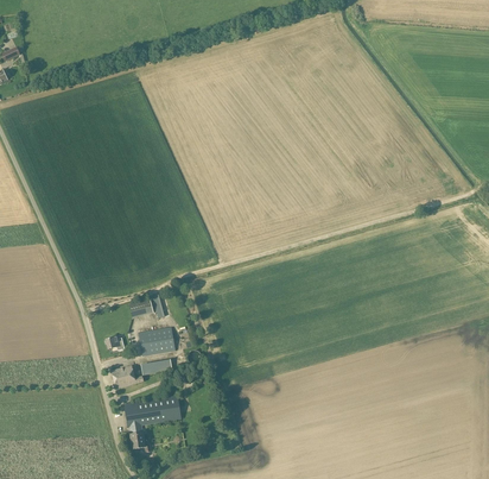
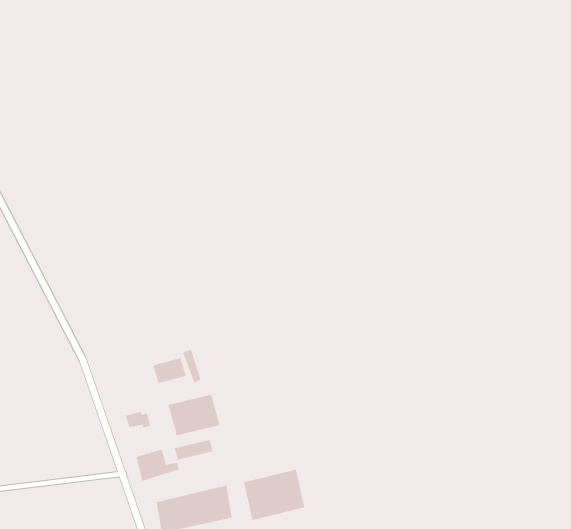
building: none -> [243,469,305,521]

